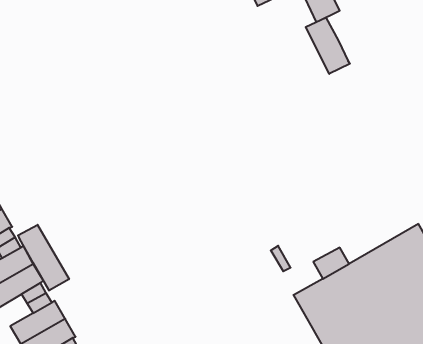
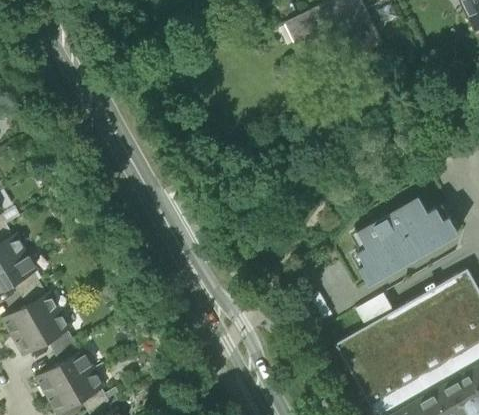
building: [306,17,350,74] -> none
building: none -> [356,197,458,285]
building: [18,225,69,291] -> none

